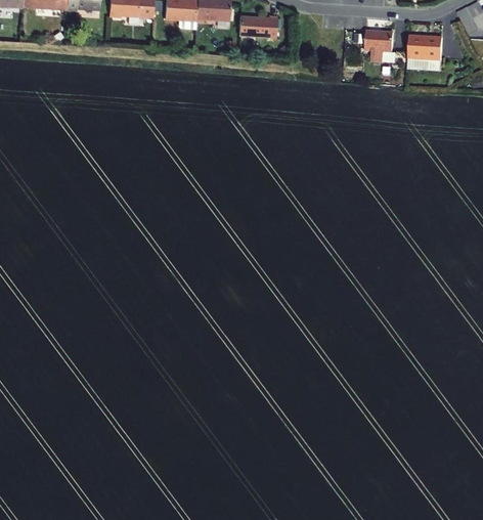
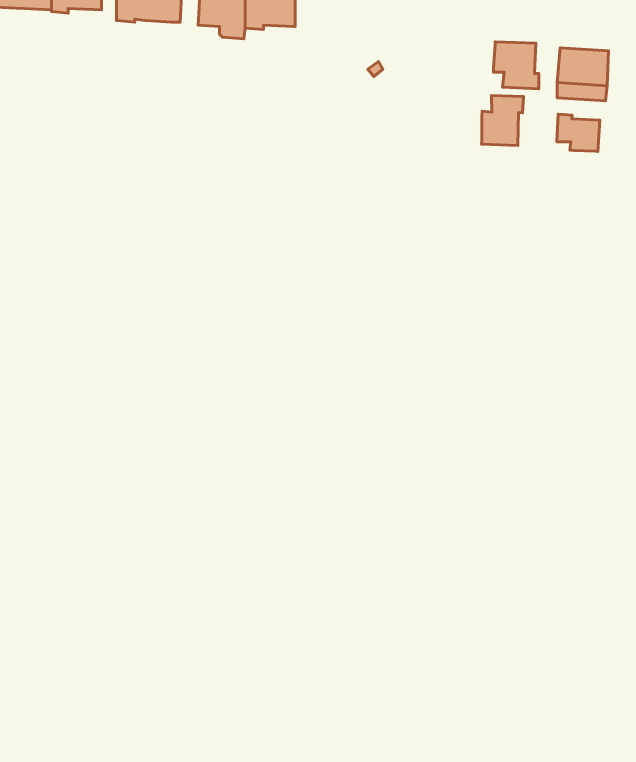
building: [238,14,277,37] -> none
building: none -> [481,95,524,146]
building: none -> [557,114,600,151]

